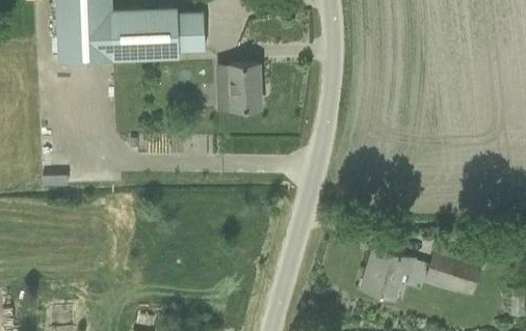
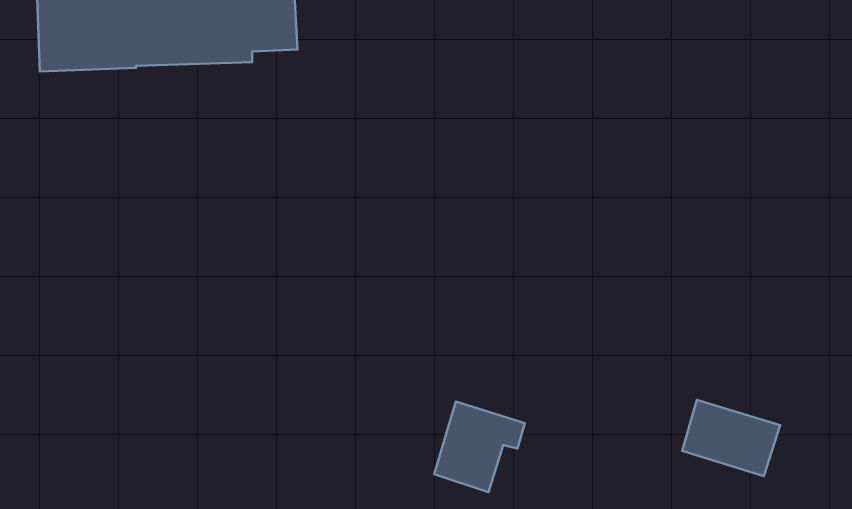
building: [217,64,261,111] -> none
building: [363,248,415,300] -> [434,401,525,492]

